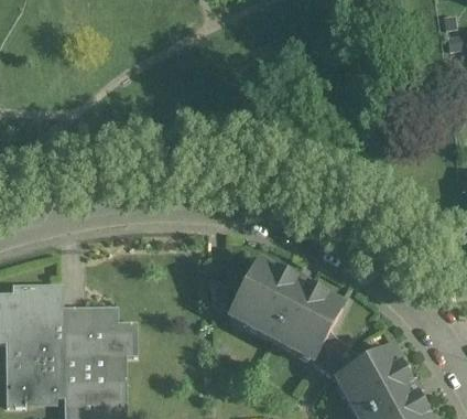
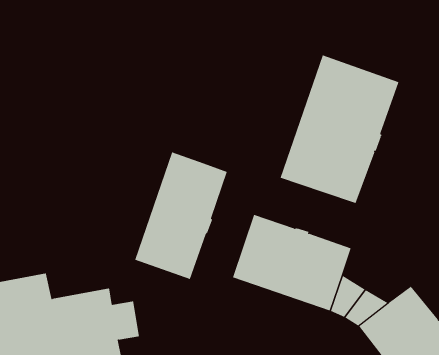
building: none -> [280,54,399,204]
building: none -> [135,152,228,280]

